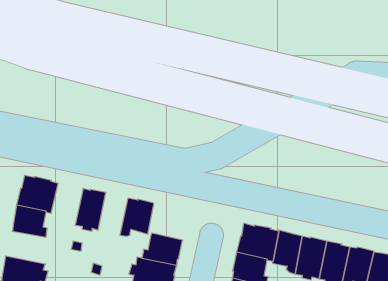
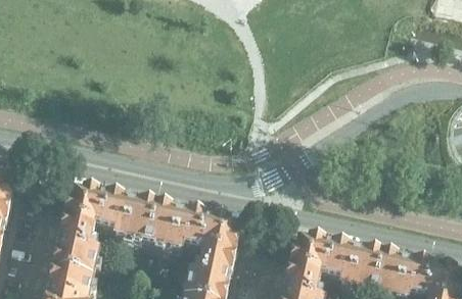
building: none -> [98,193,131,237]
building: none -> [146,203,177,248]
building: none -> [197,215,238,252]
building: none -> [51,243,99,277]

